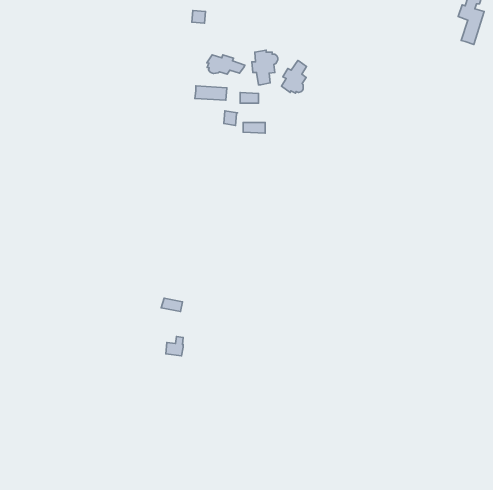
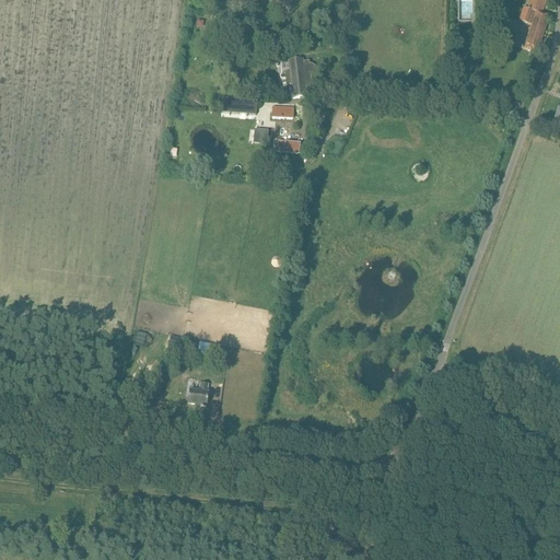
building: [207,55,245,74] -> none
building: [281,60,306,93] -> none

